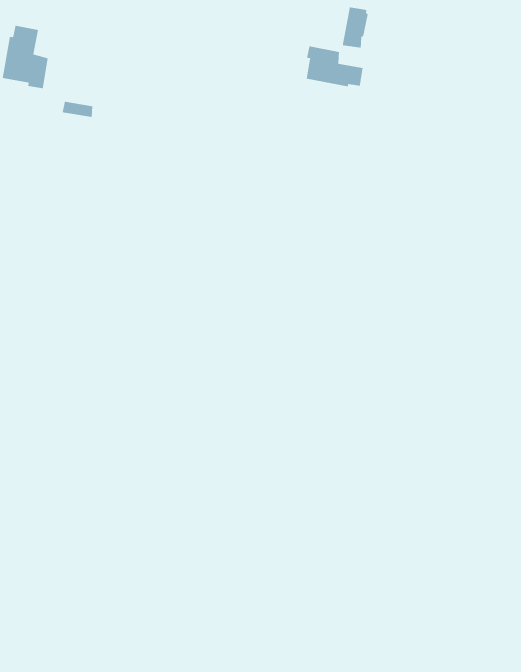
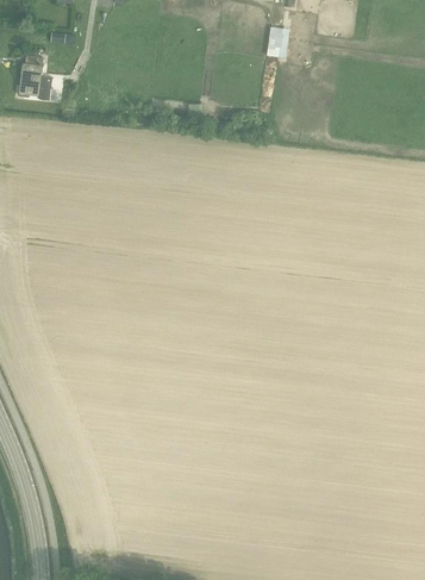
building: [306,46,363,87] -> none

